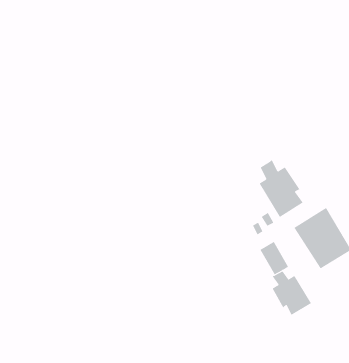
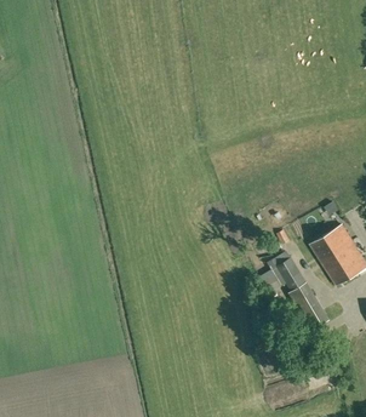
building: [259,159,303,218] -> none

